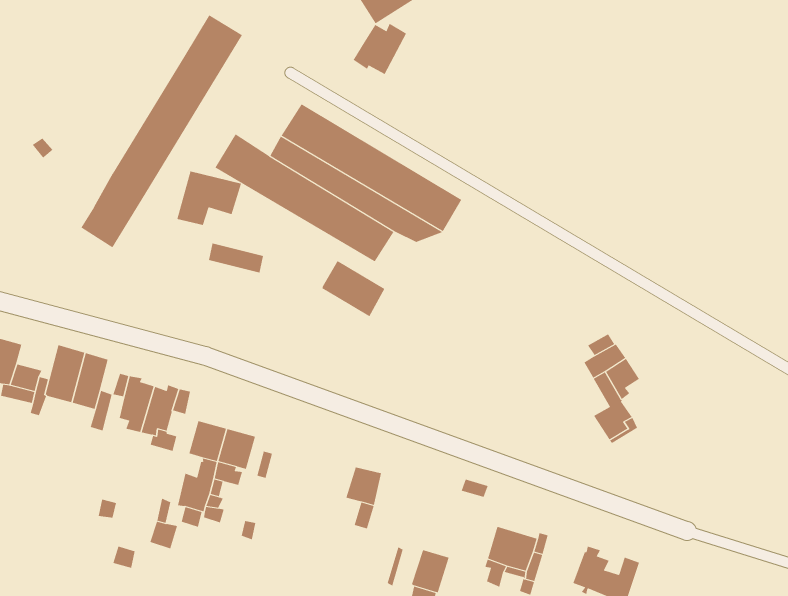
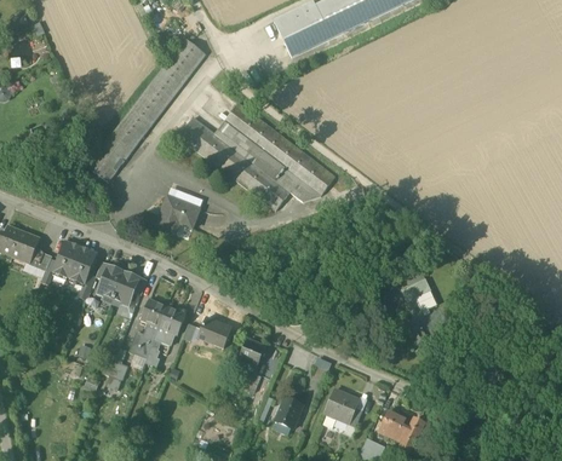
building: [353,23,407,75] -> none
building: [176,171,242,225] -> [155,196,200,232]
building: [322,260,385,317] -> none
building: none -> [197,319,230,347]

